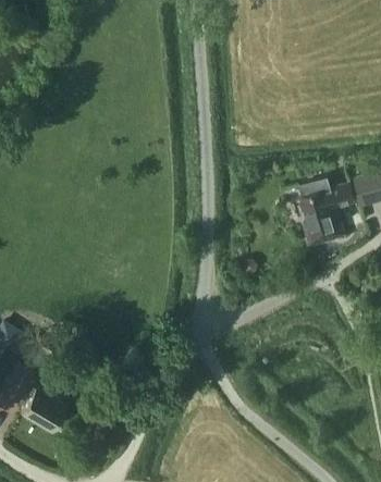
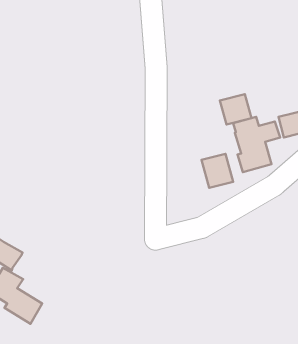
building: none -> [220,94,251,125]
building: none -> [202,154,233,188]

